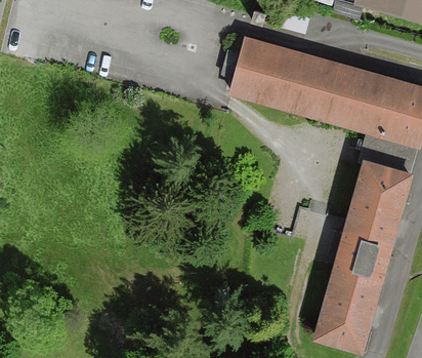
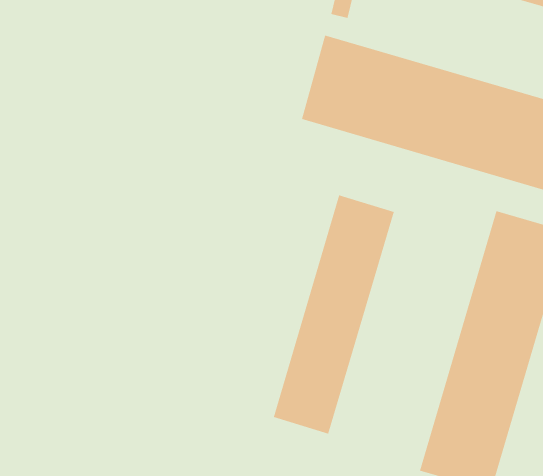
building: none -> [273,195,394,435]

